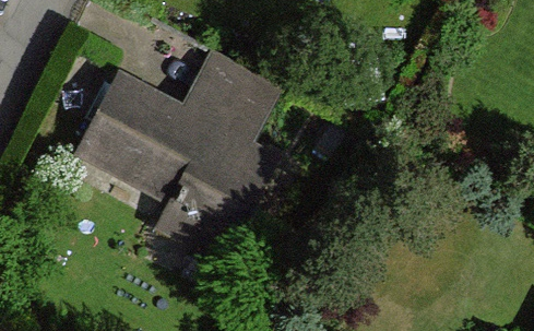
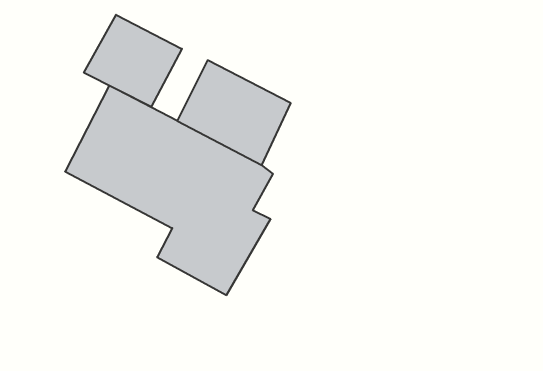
building: none -> [84,15,182,107]

